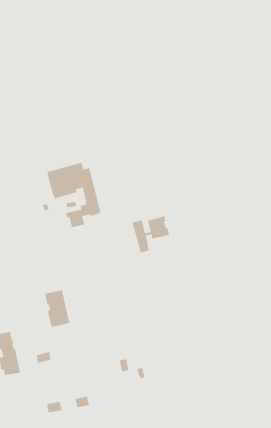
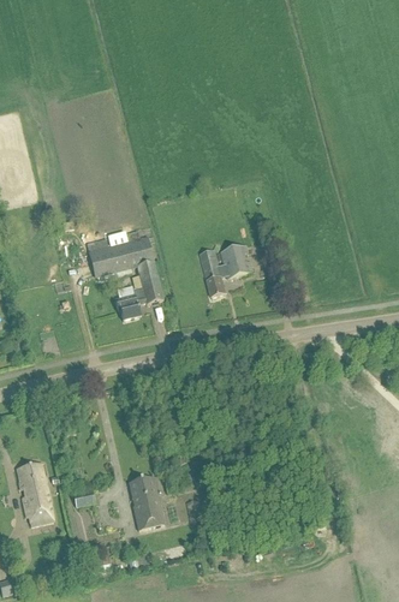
building: [132,215,170,254] -> [200,244,252,297]
building: [44,290,70,328] -> [127,476,163,529]

